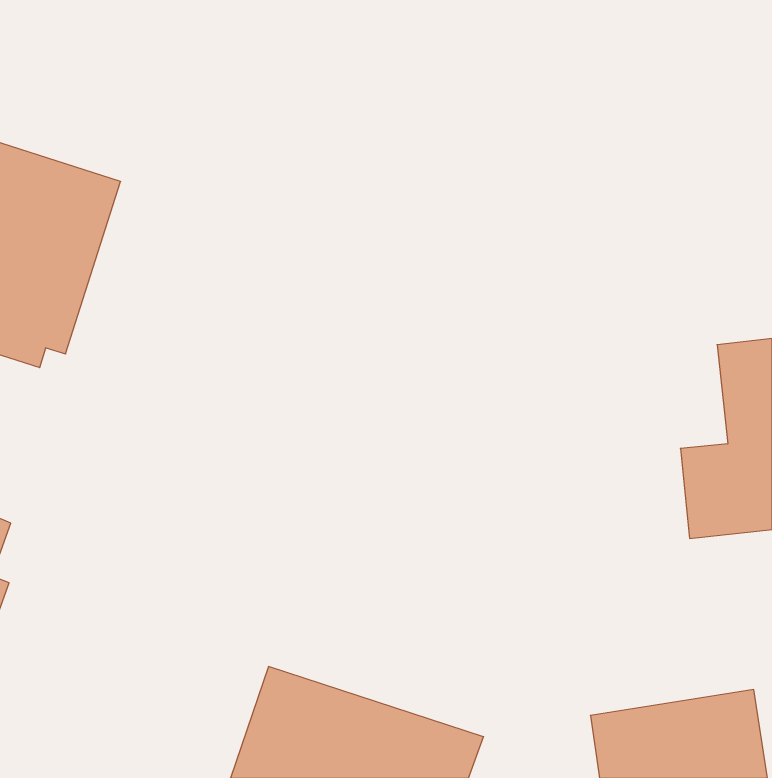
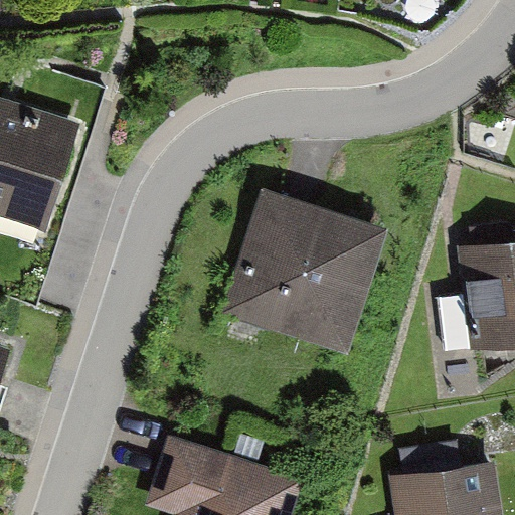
building: none -> [218,190,385,357]

